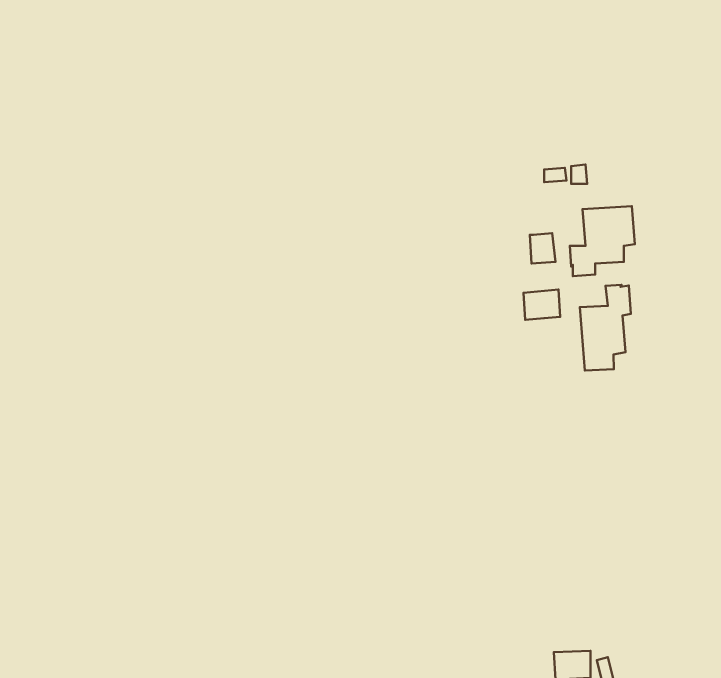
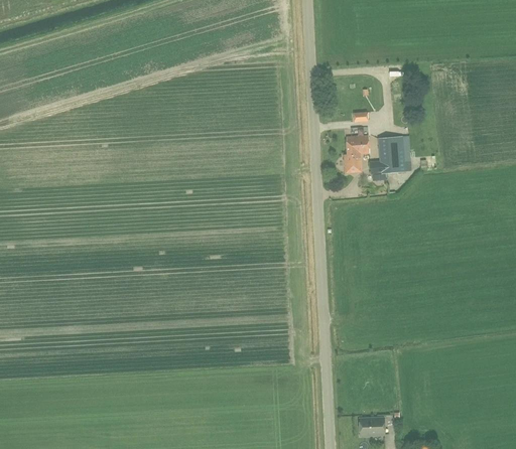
building: [580,285,631,371] -> none
building: [524,290,560,320] -> [346,135,369,154]

